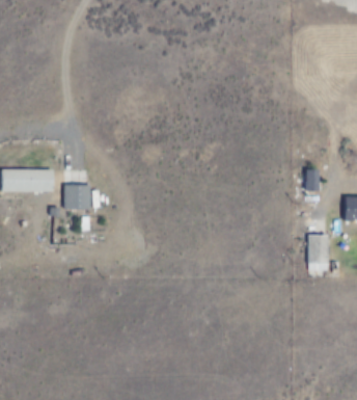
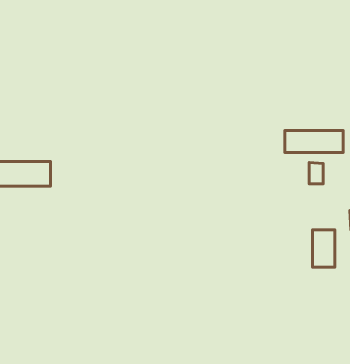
building: none -> [285,131,343,153]
building: [64,184,90,208] -> none

